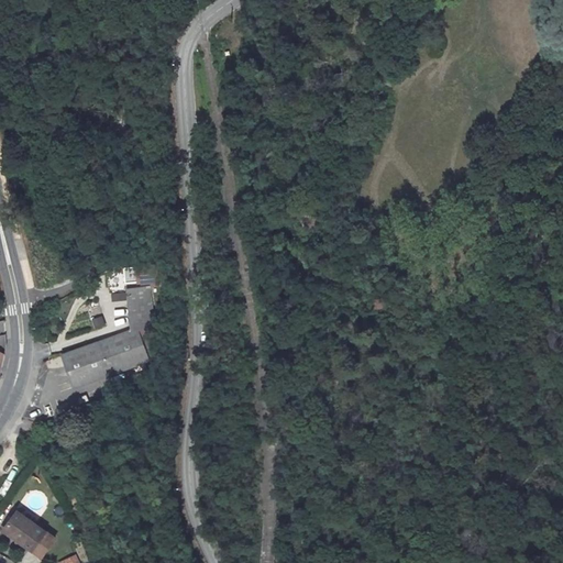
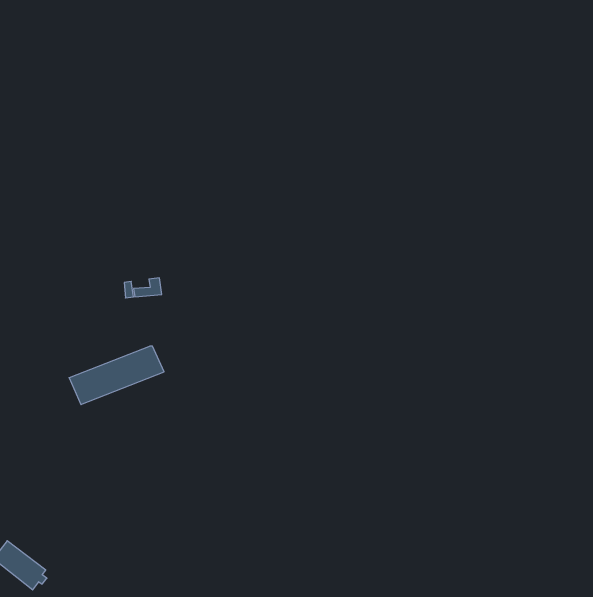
building: [128,286,153,325] -> none

